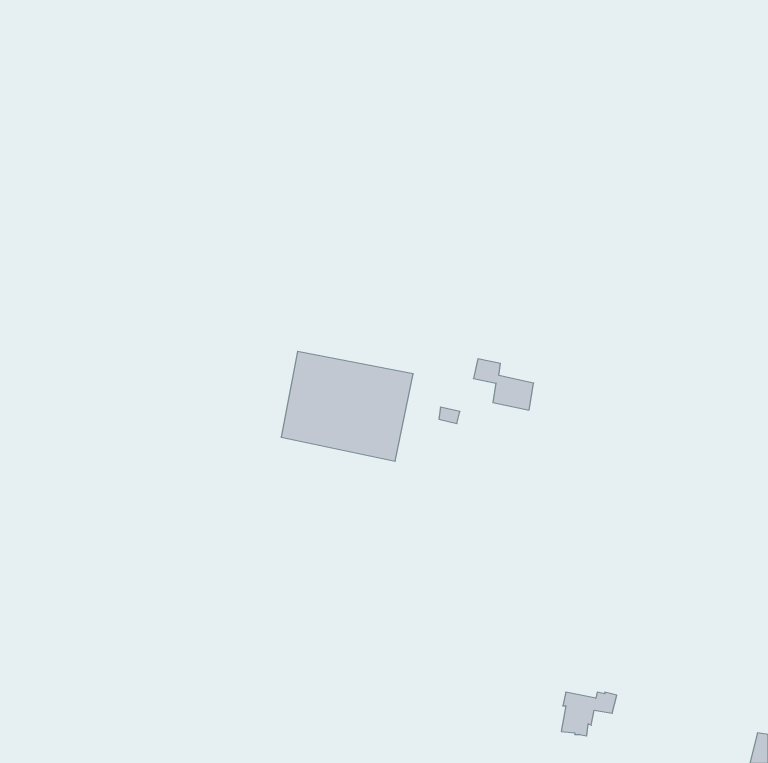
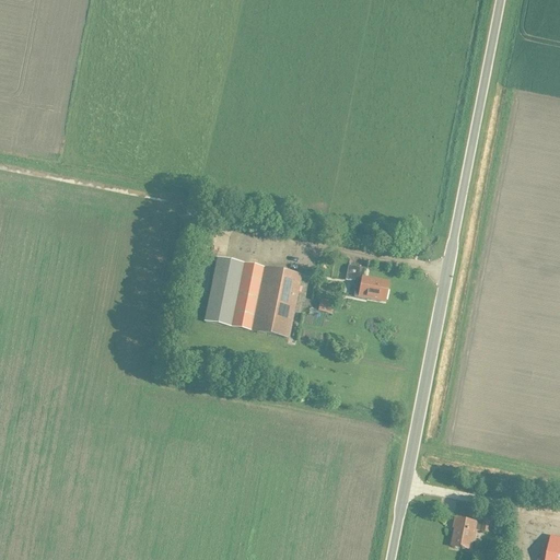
building: [561,692,617,736] -> [452,515,492,547]

